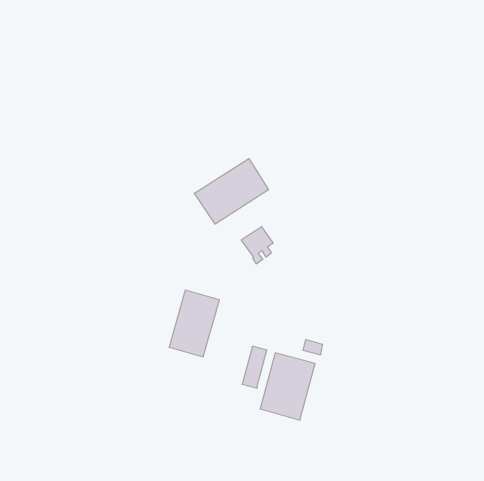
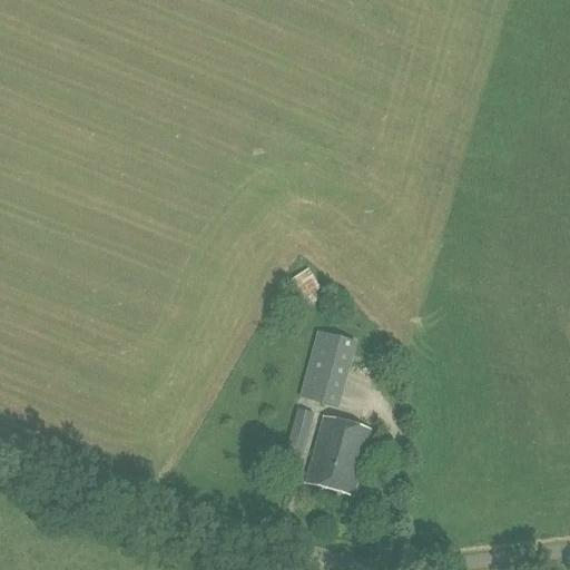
building: [194,159,268,224] -> none
building: [169,290,219,357] -> [297,328,356,406]

